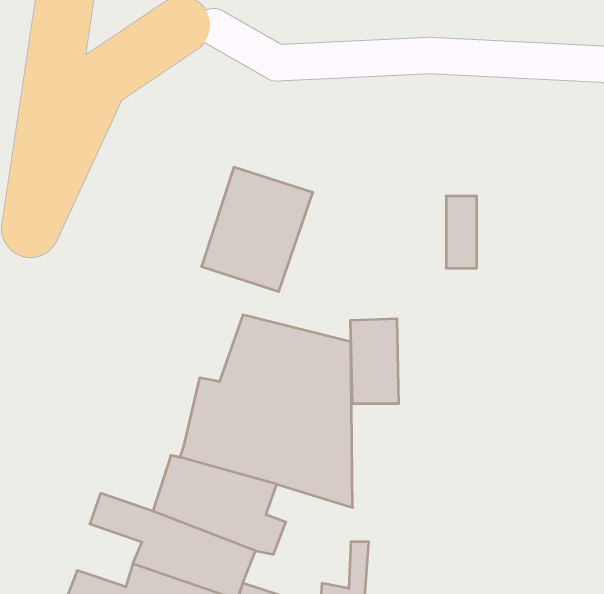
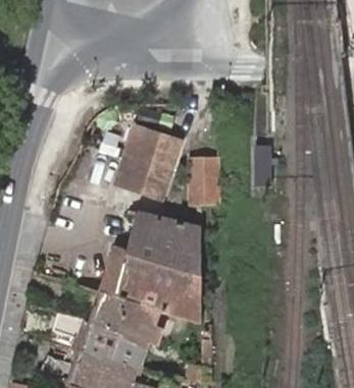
building: [350,319,399,403] -> [190,158,217,206]

